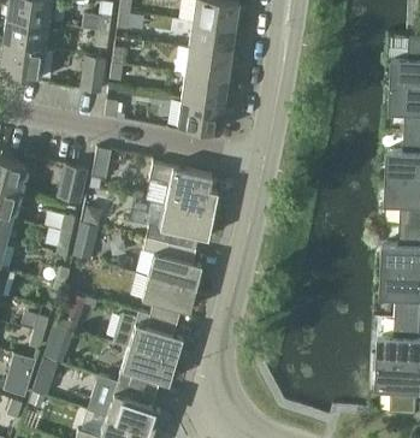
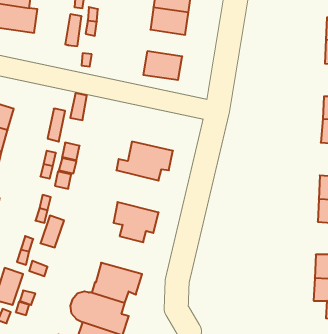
building: [182,75,226,106] -> none
building: [149,165,217,217] -> none
building: [143,239,201,289] -> none
building: [112,313,182,361] -> none

